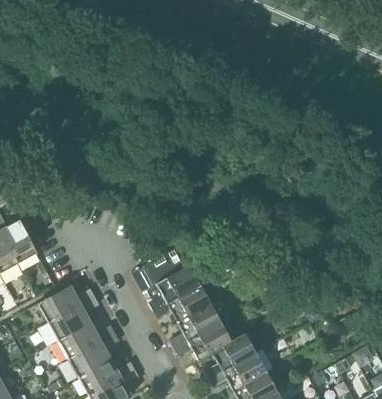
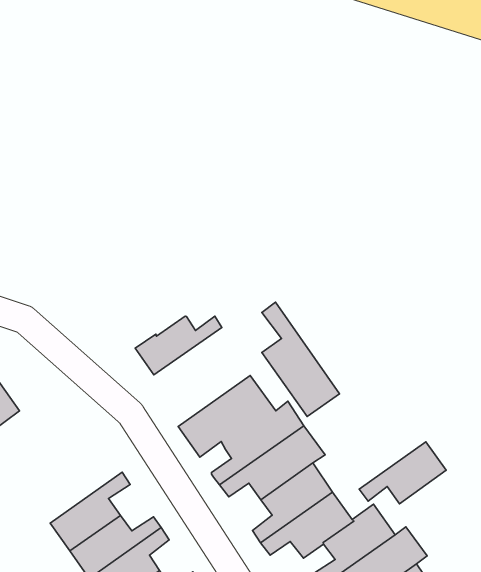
building: none -> [262,302,340,417]
building: none -> [135,316,222,375]
building: [38,286,95,323] -> none
building: none -> [359,442,446,504]

